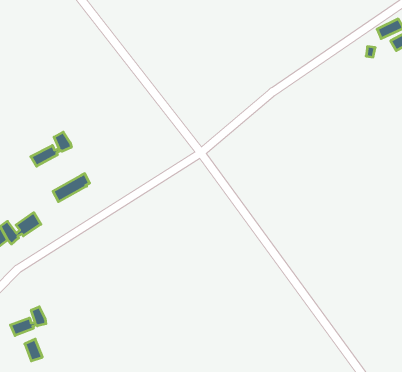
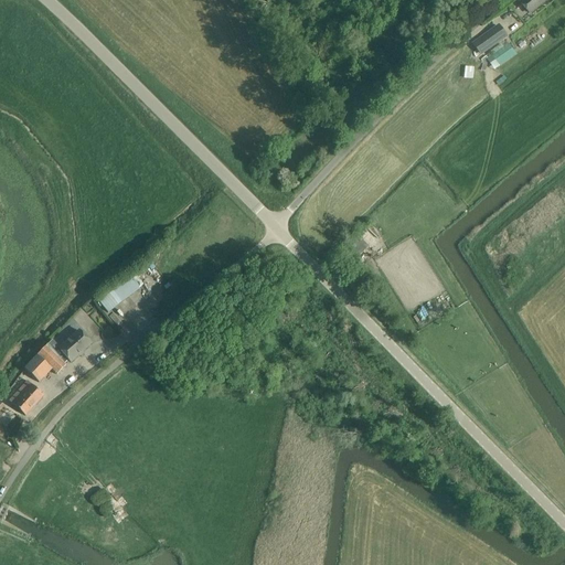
building: [31,132,71,166] -> none
building: [10,307,46,336] -> none

